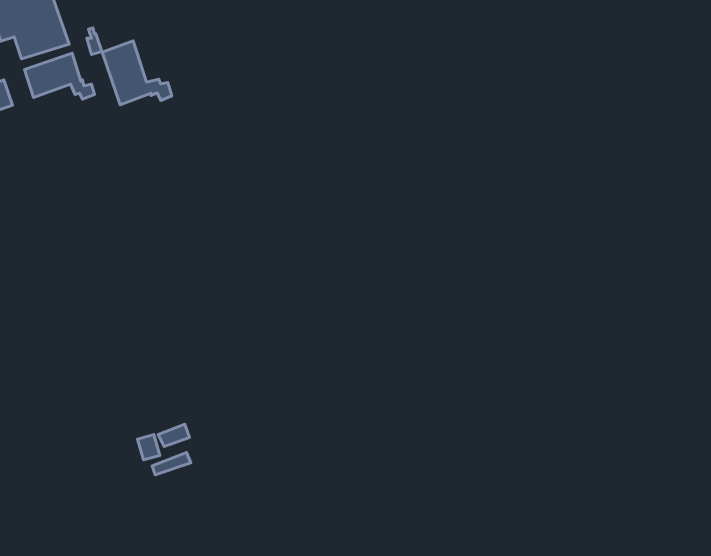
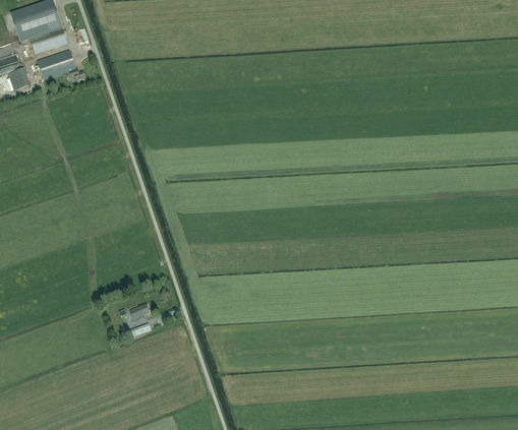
building: [102,41,172,105] -> none

